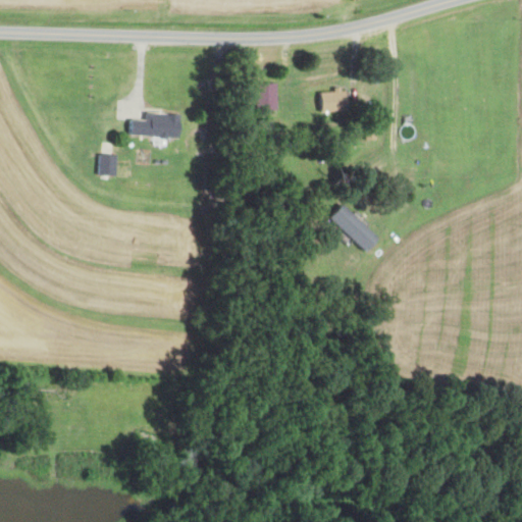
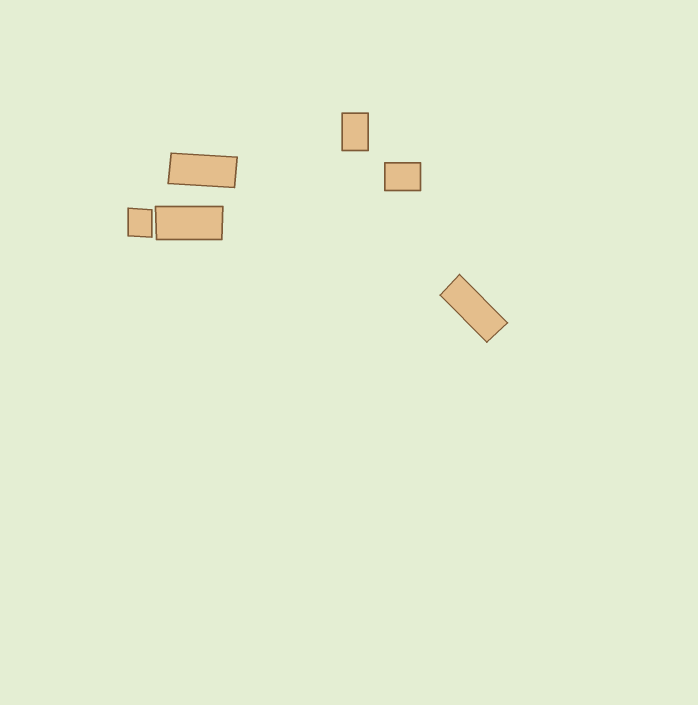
building: [320,92,347,112] -> [385,163,421,190]
building: none -> [155,207,223,239]

